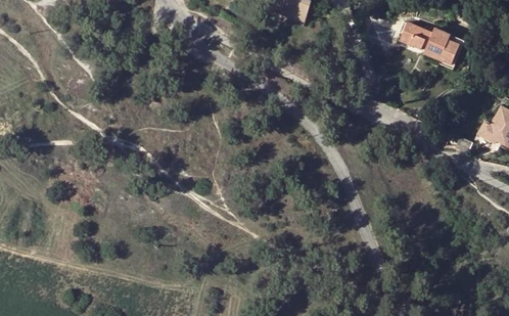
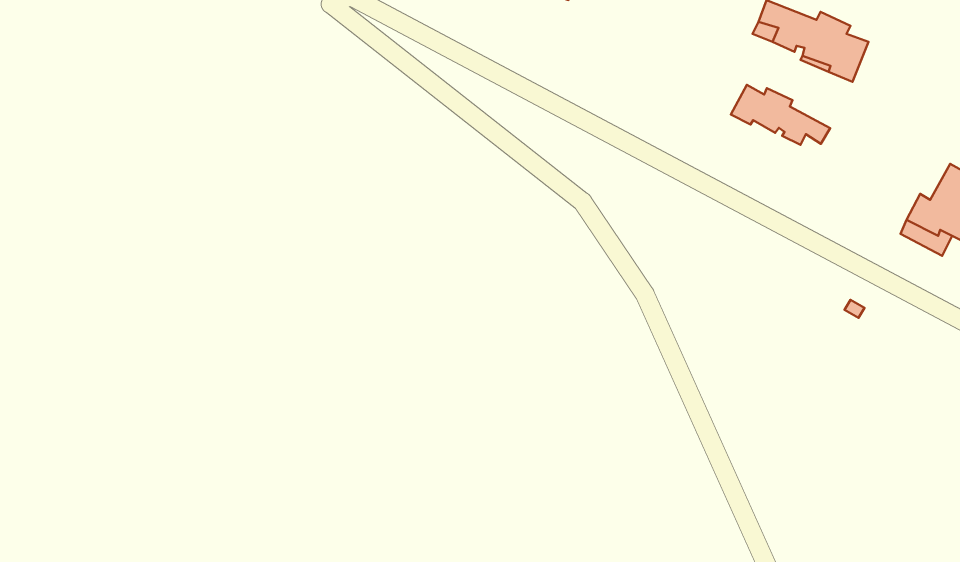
building: none -> [731,85,830,145]

